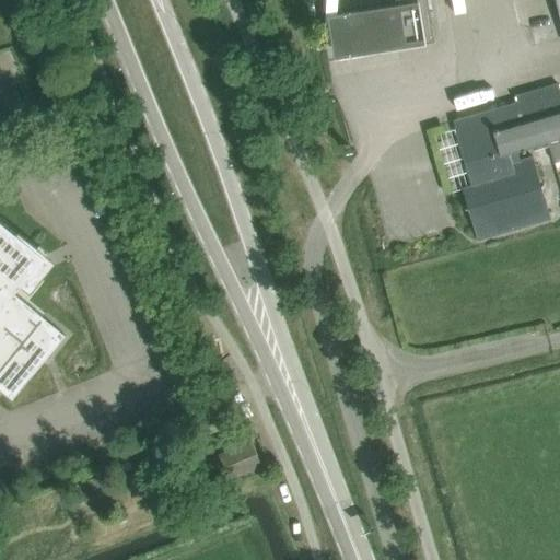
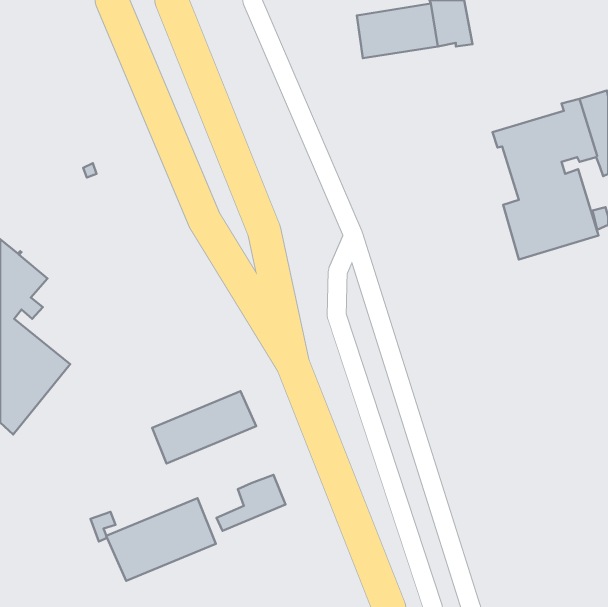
building: none -> [152,391,256,463]
building: none -> [106,498,216,581]

